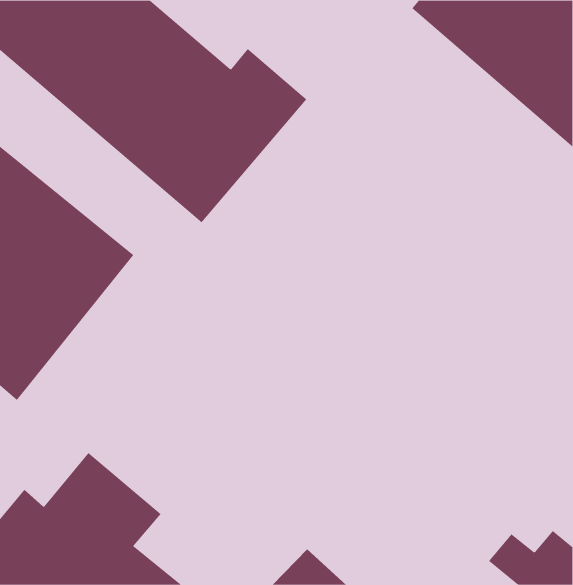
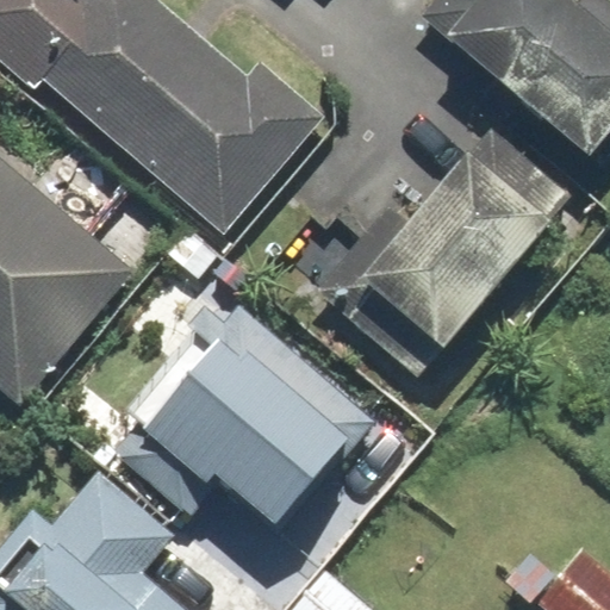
building: none -> [367,133,568,343]
building: none -> [125,305,372,533]

